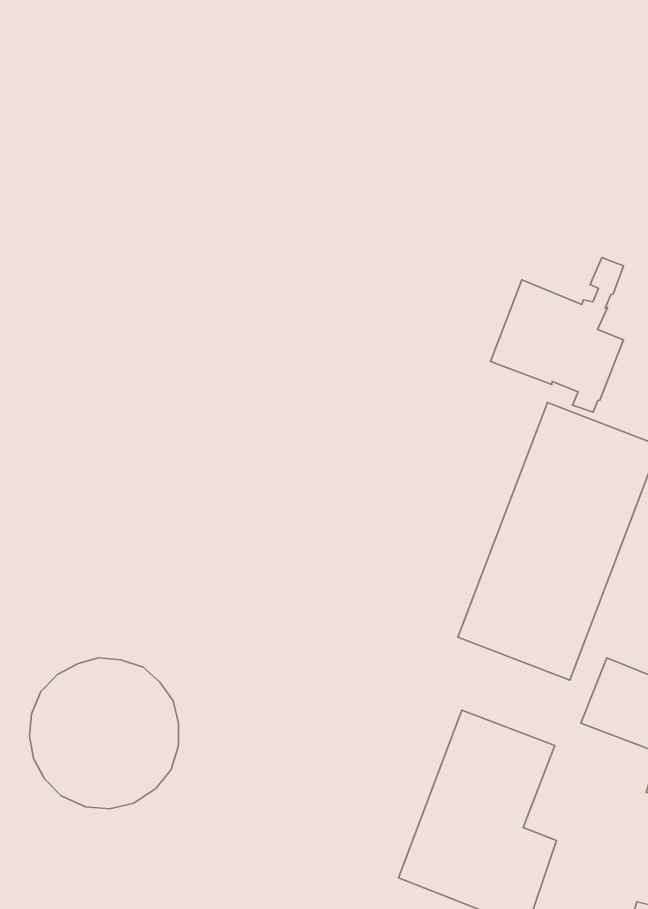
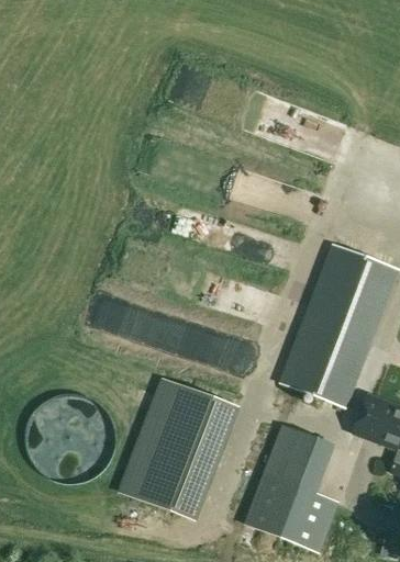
building: [491,257,624,412] -> none
building: none -> [120,379,237,520]

